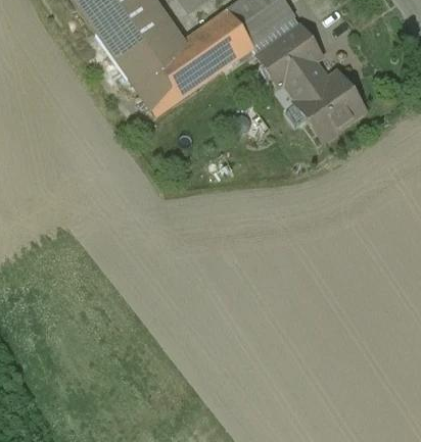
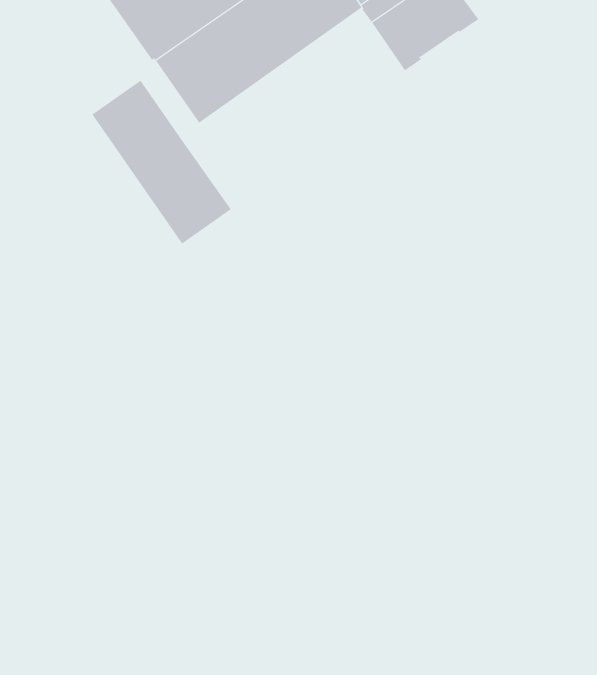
building: [286,59,365,140] -> none
building: none -> [91,80,232,245]

